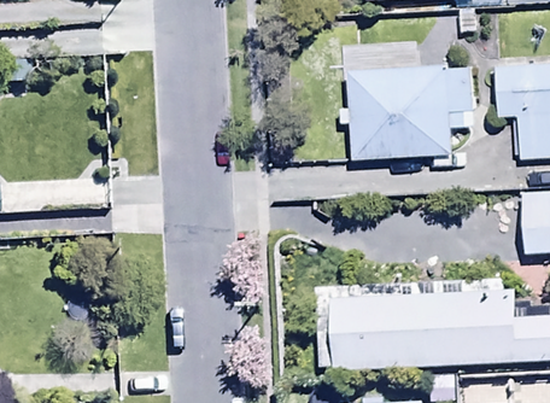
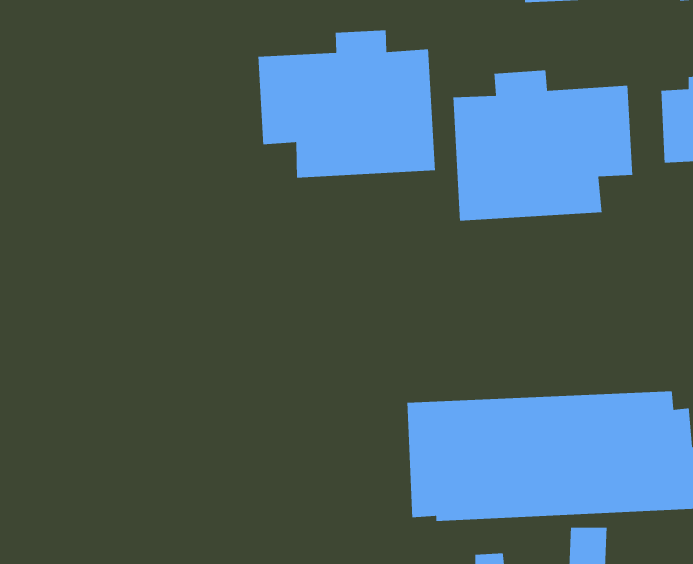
building: none -> [257,30,436,178]

